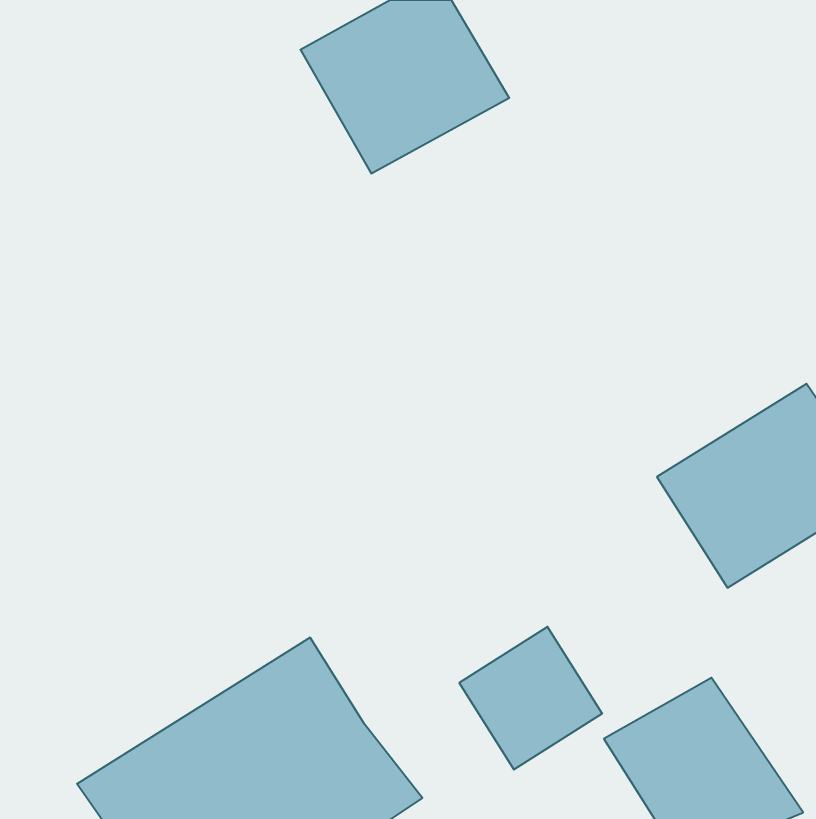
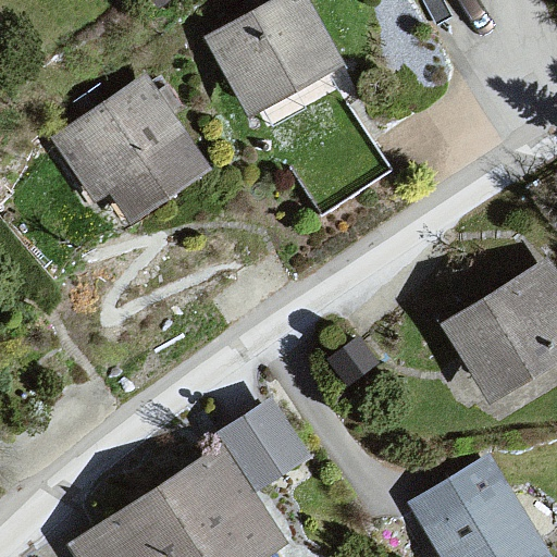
building: none -> [49,76,218,233]
building: [459,627,602,770] -> [213,395,310,492]

